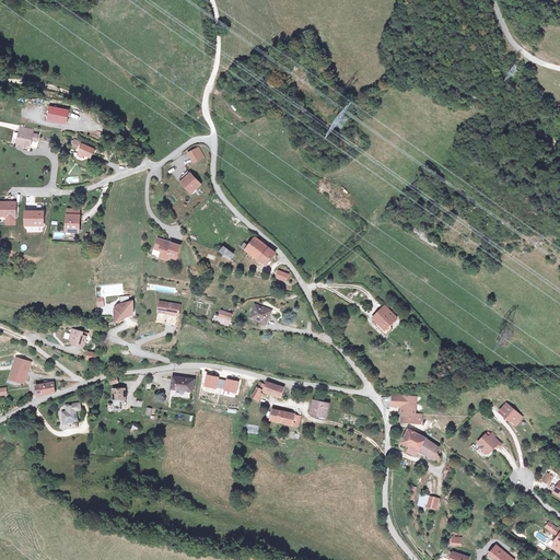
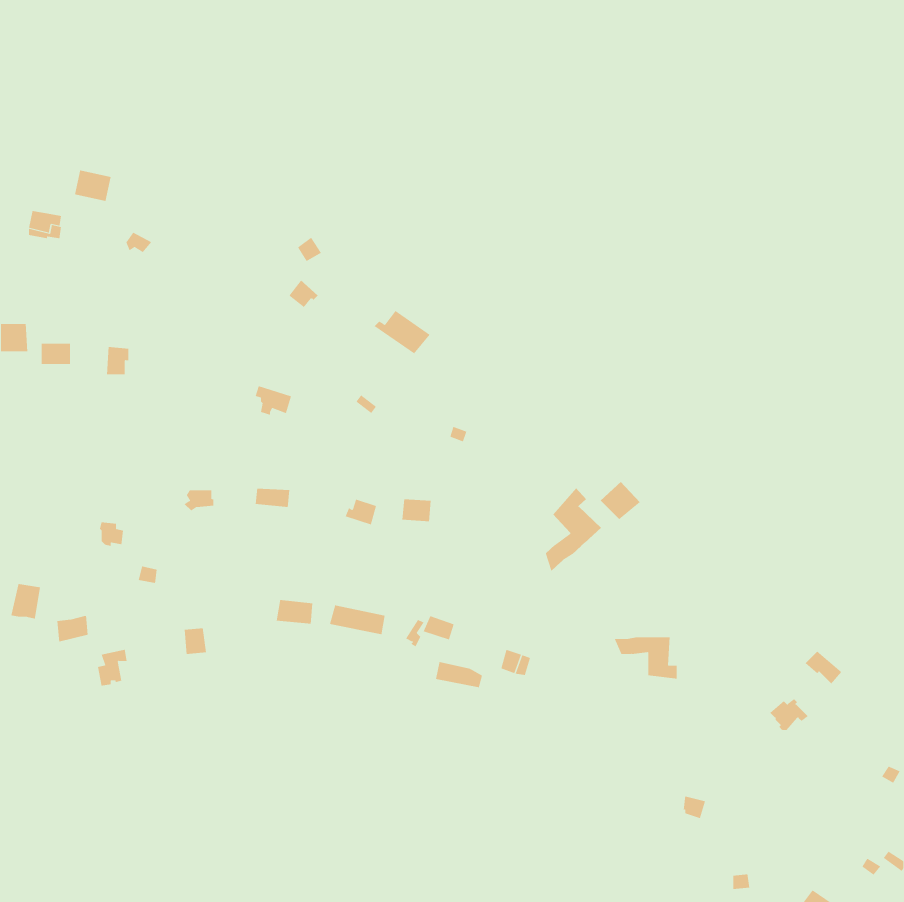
building: [241,234,276,261] -> [374,310,430,354]
building: none -> [545,488,602,572]
building: [400,428,438,457] -> none

